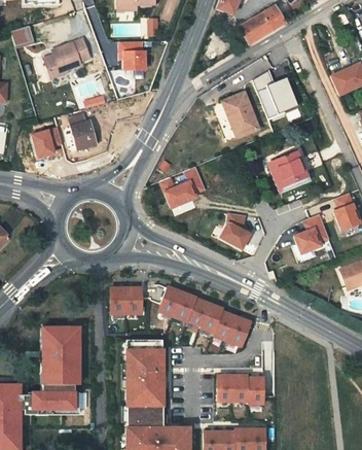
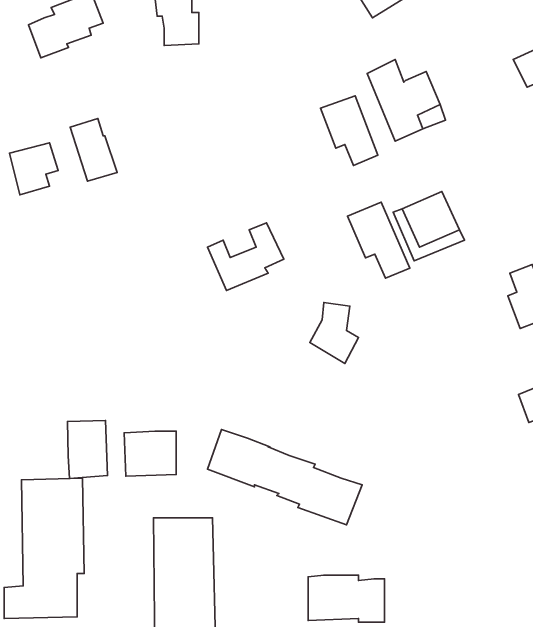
building: none -> [347,202,410,278]
building: [292,215,326,254] -> none
building: none -> [67,421,107,478]

